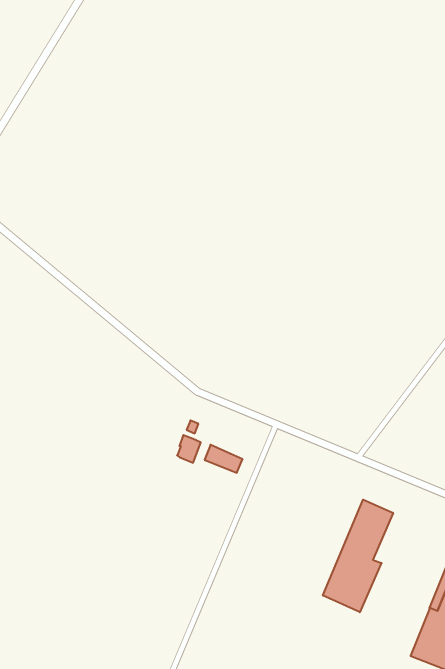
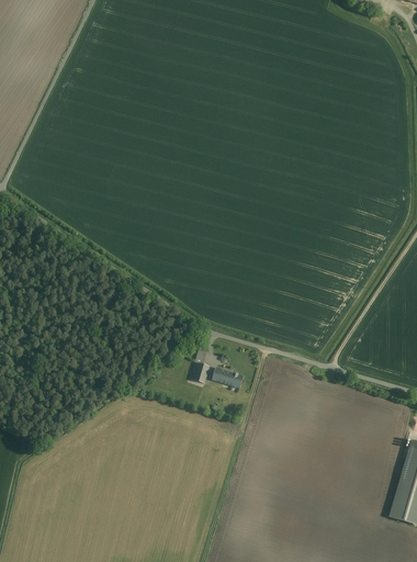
building: [323,500,393,612] -> none

